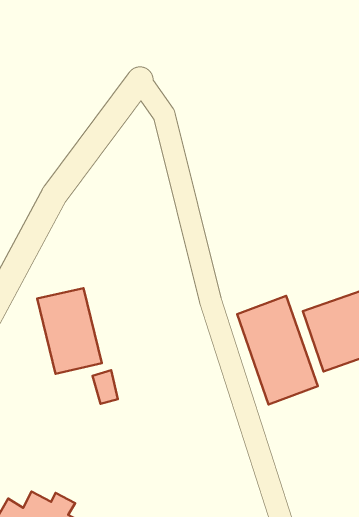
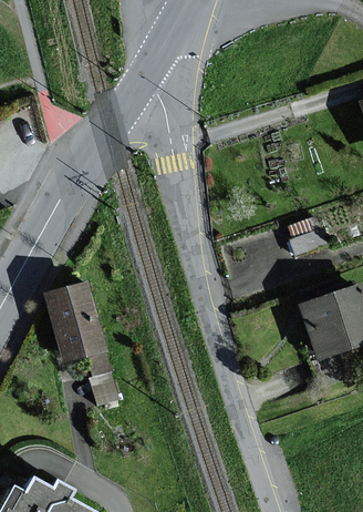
building: [237,296,318,405] -> none

